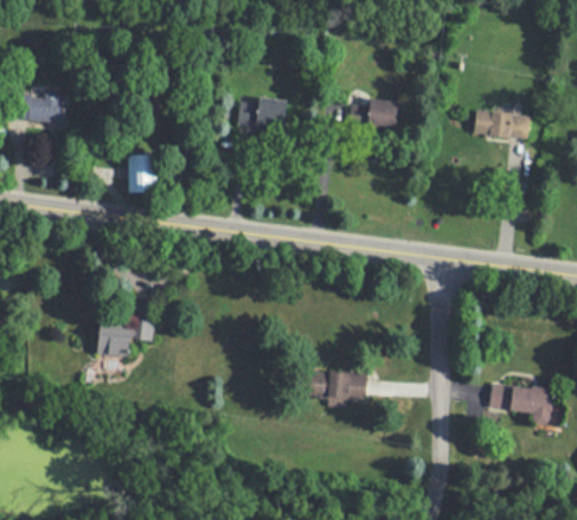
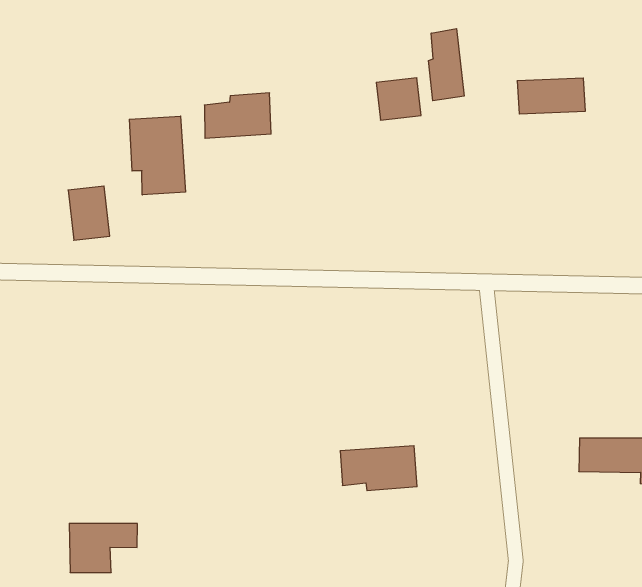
building: none -> [429,29,464,101]
building: none -> [129,116,185,195]
building: [98,317,153,358] -> [69,523,137,572]

